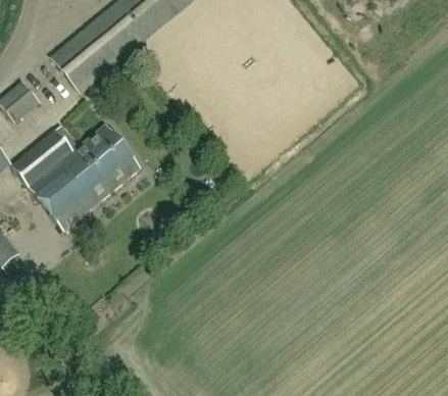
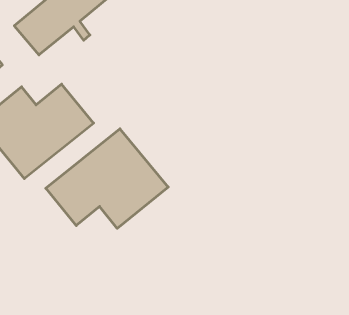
building: none -> [46,129,168,228]

